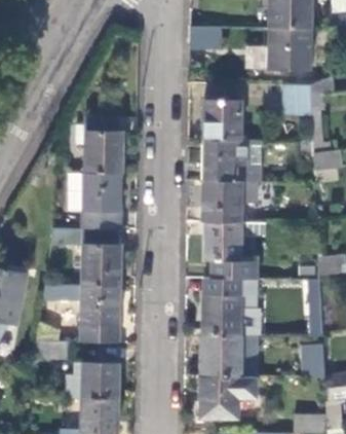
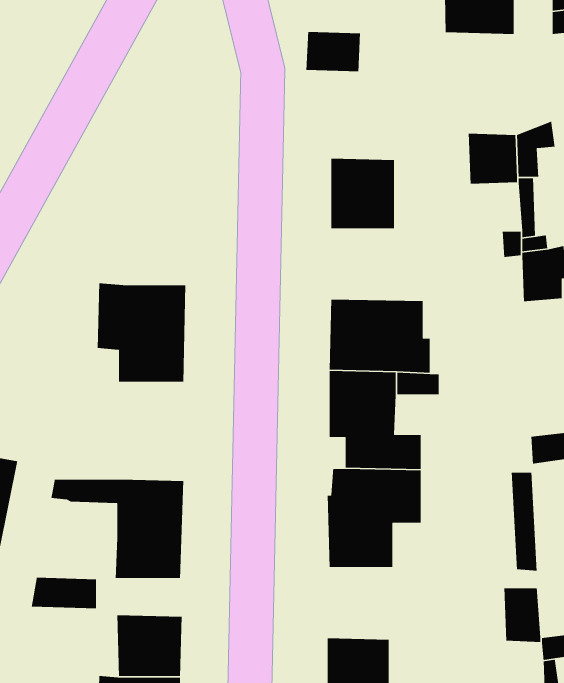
building: [270,27,310,69] -> none
building: [77,116,121,172] -> none
building: [204,140,261,181] -> none
building: [50,227,120,285] -> none
building: [202,335,242,376] -> none

